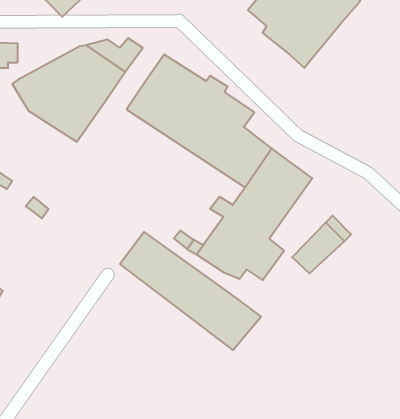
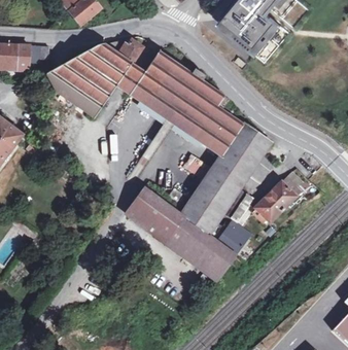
building: none -> [115,66,142,95]
building: none -> [209,217,245,253]

